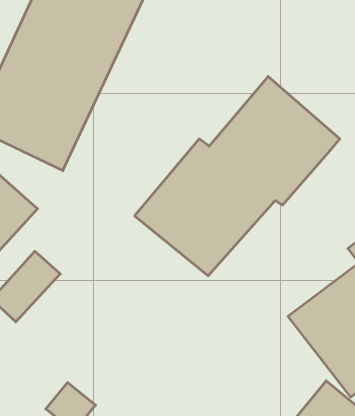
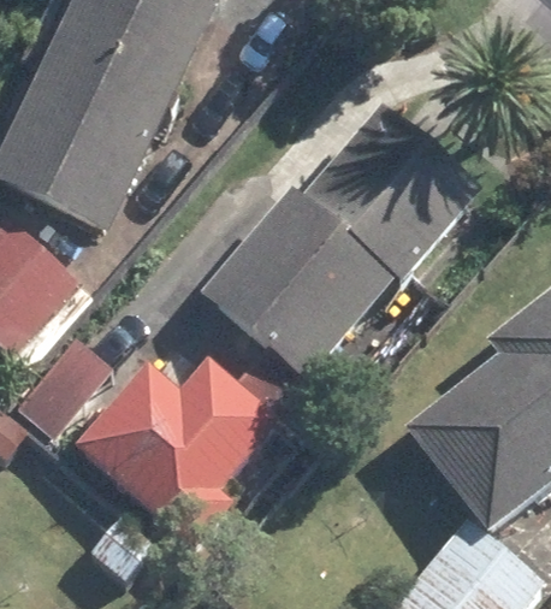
building: none -> [77,360,278,546]

